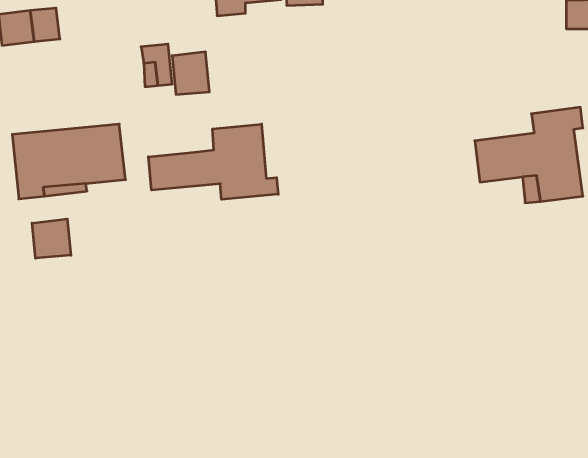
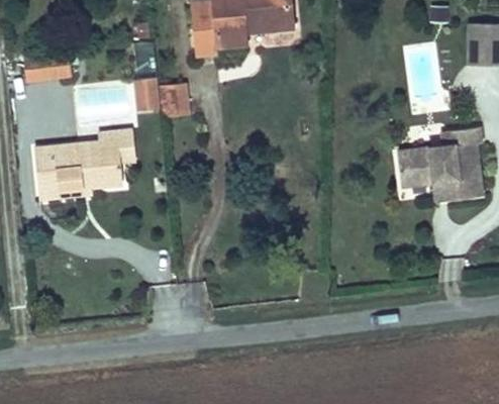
building: [148,124,278,199] -> none
building: [32,219,71,258] -> none

